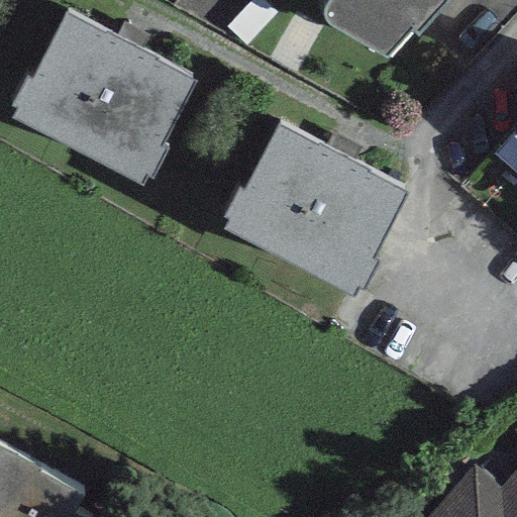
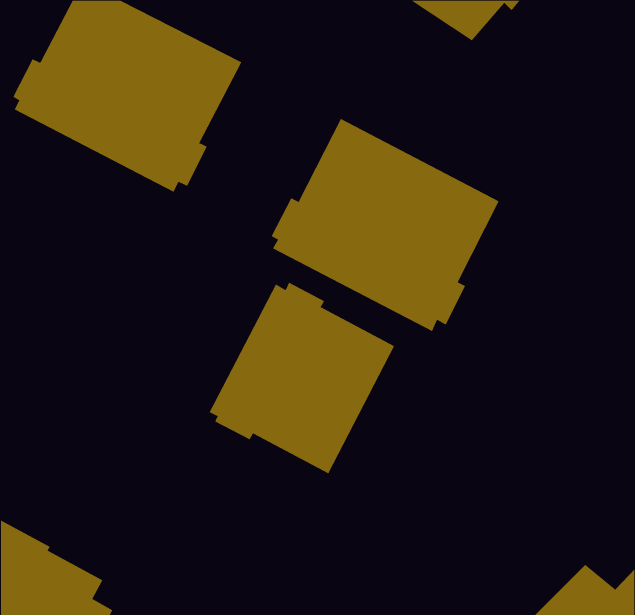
building: none -> [209,282,395,474]

